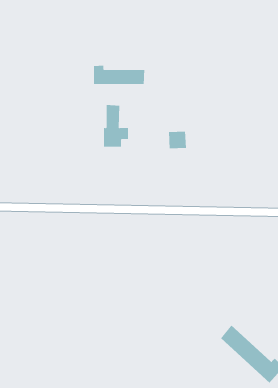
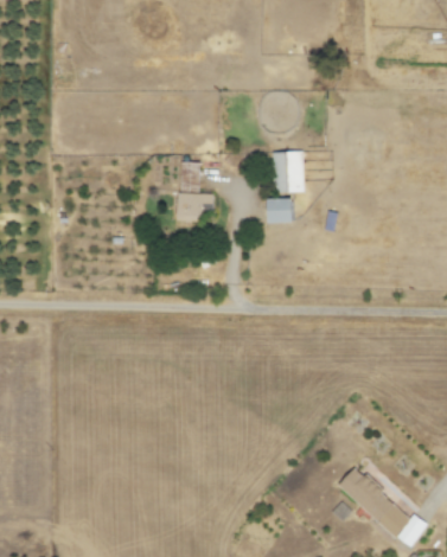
building: [93,65,145,85] -> none
building: none -> [274,149,304,192]

